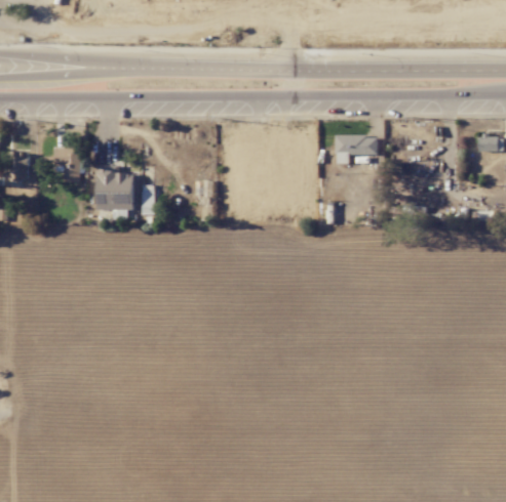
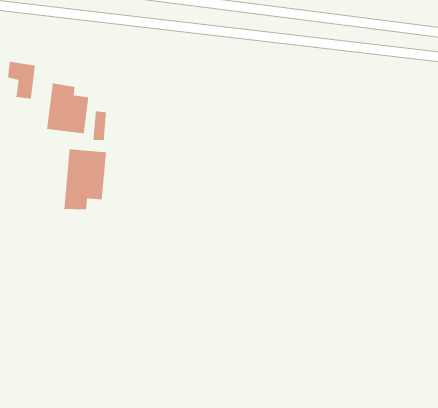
building: [335,136,377,165] -> none
building: none -> [64,149,107,210]

